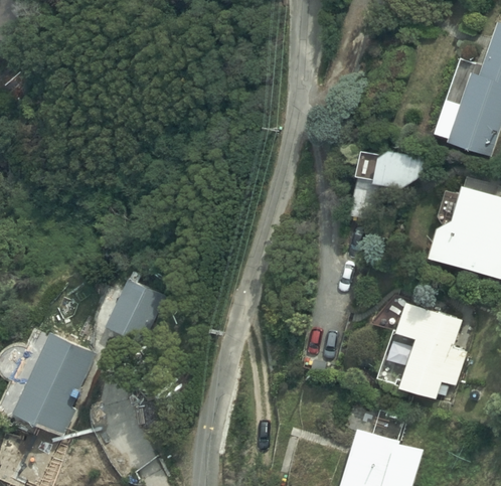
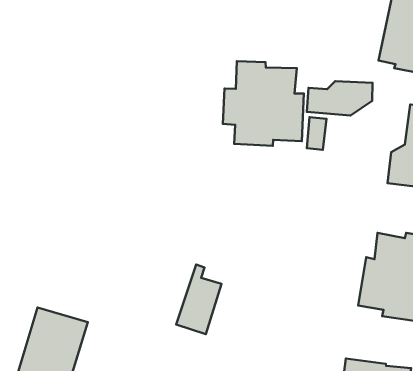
building: none -> [223,61,304,146]
building: [105,271,157,343] -> [176,265,222,334]

